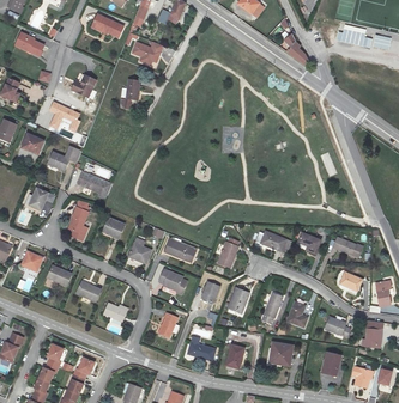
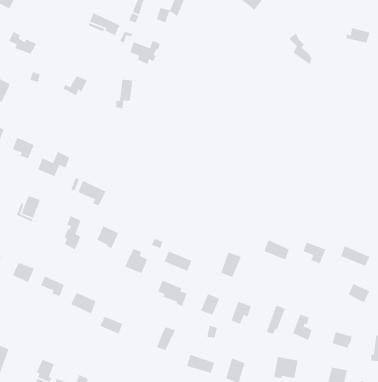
building: [48,100,79,133] -> none

